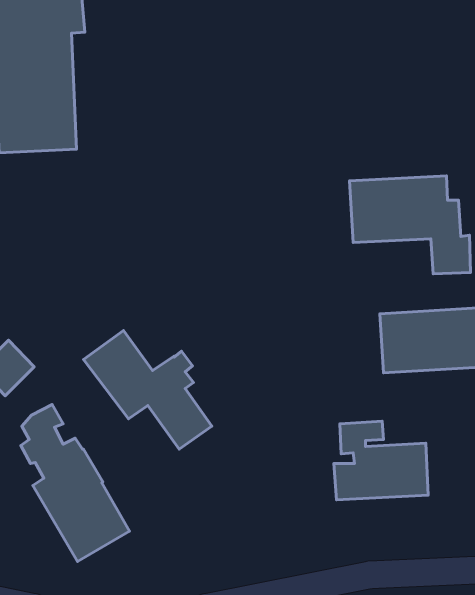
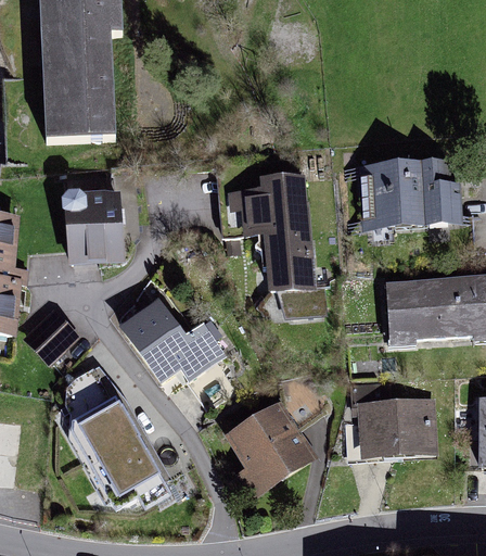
building: none -> [243,174,325,313]
building: none -> [64,192,122,260]
building: none -> [231,405,307,482]

